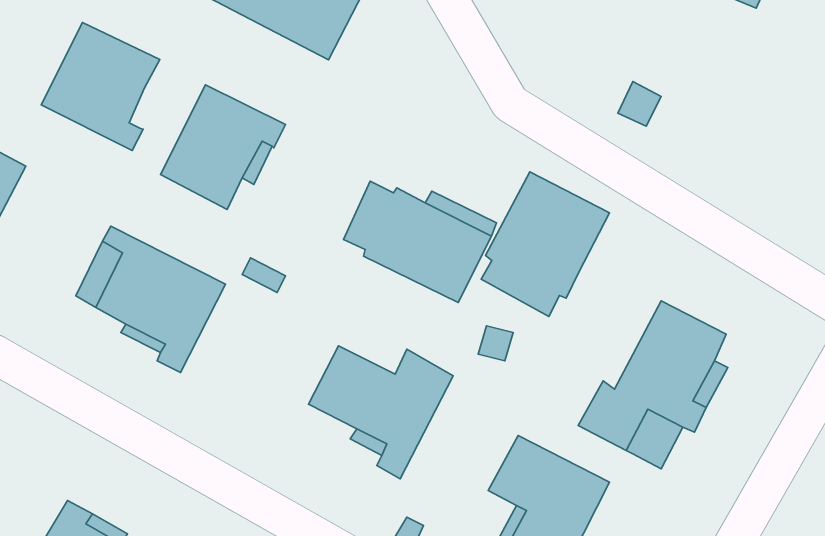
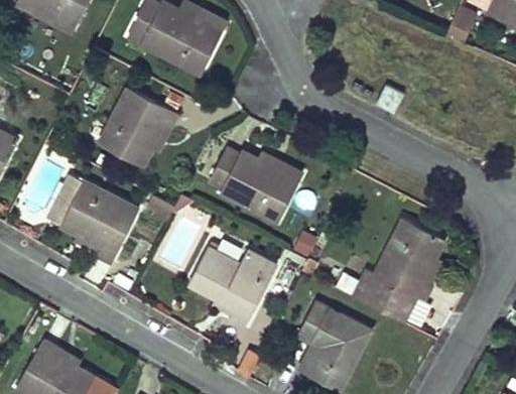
building: [41,22,160,150] -> none
building: [481,172,609,316] -> none

